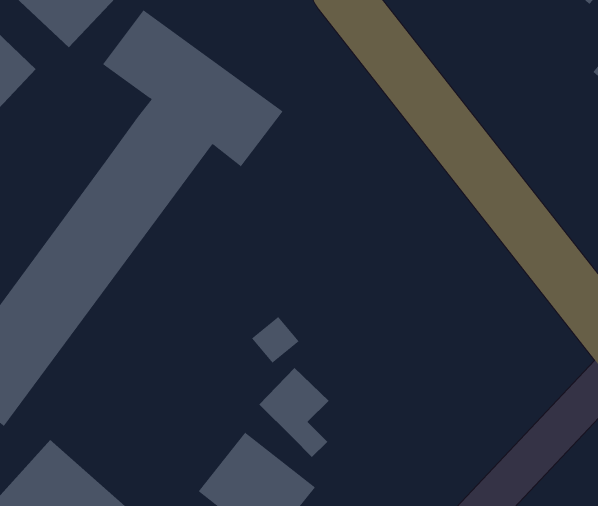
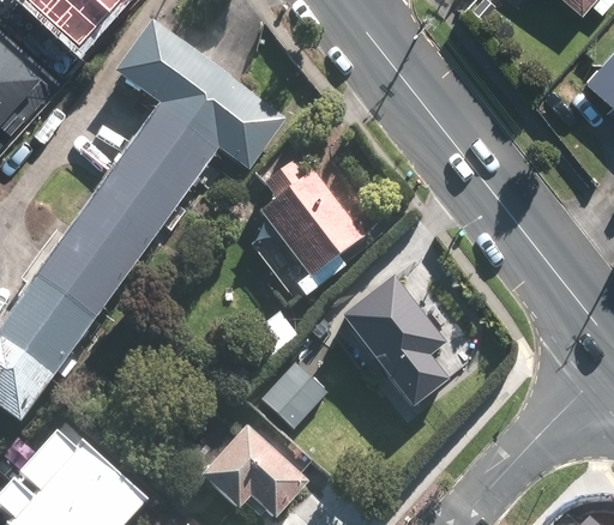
building: none -> [265,168,368,304]
building: none -> [343,277,455,411]

